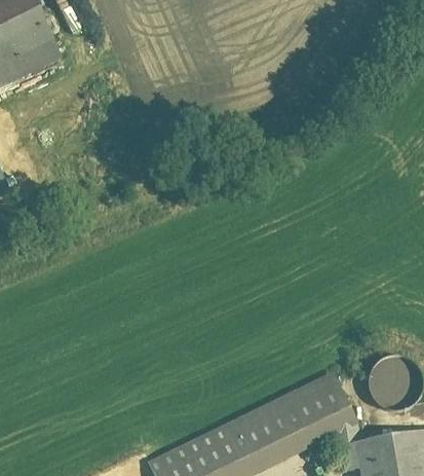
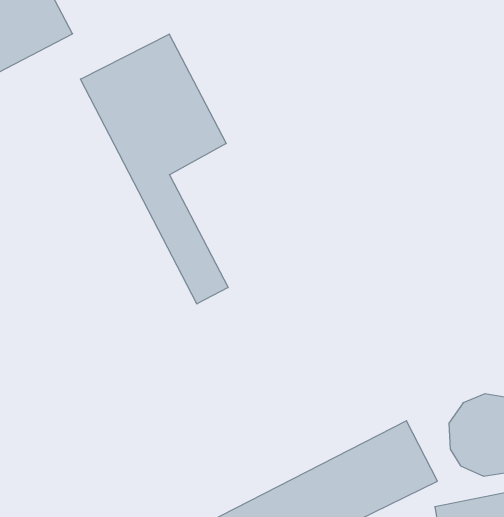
building: none -> [80,34,228,304]

